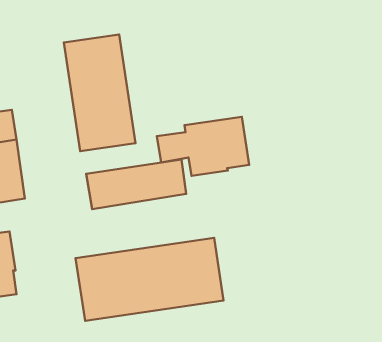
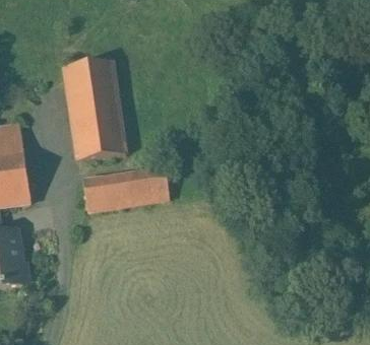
building: [157,117,249,176] -> none
building: [76,238,224,321] -> none

